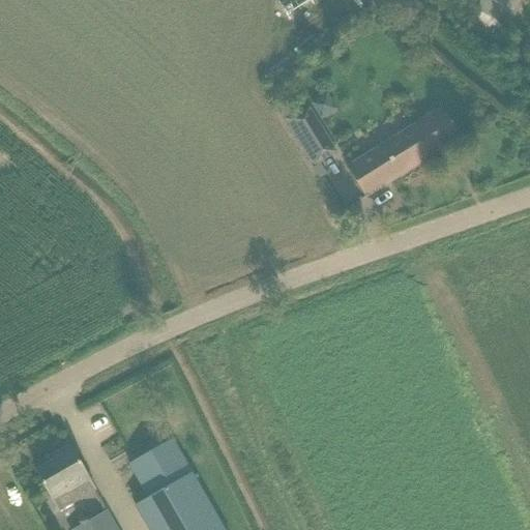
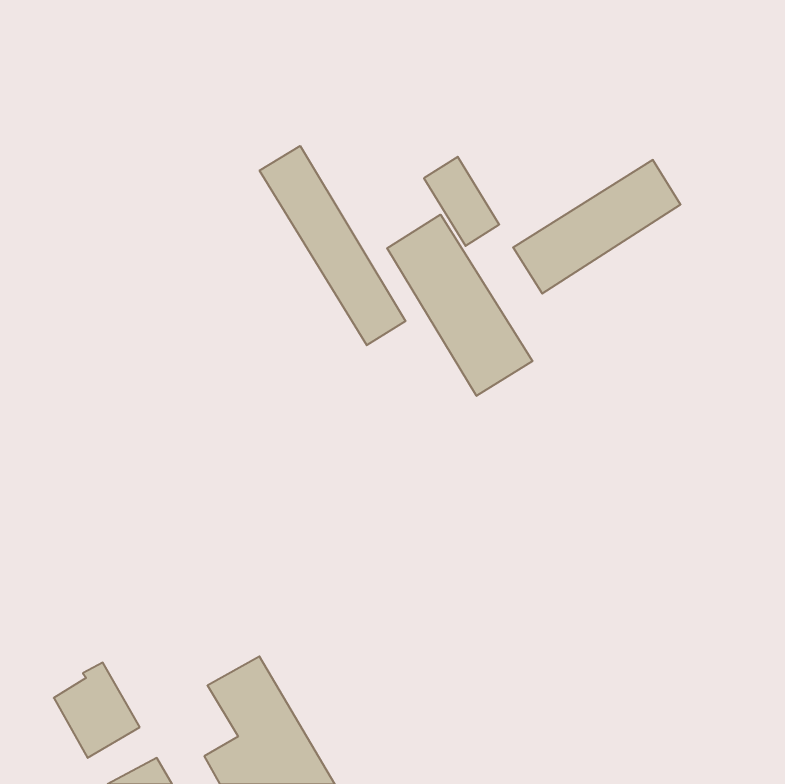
building: none -> [260,146,405,345]
building: none -> [387,215,532,396]

